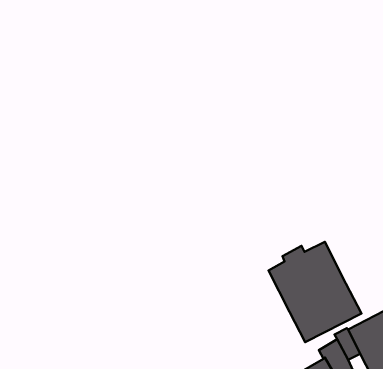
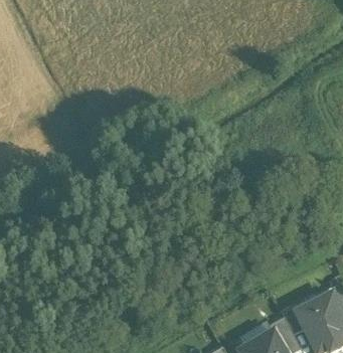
building: [269,242,361,342] -> none

